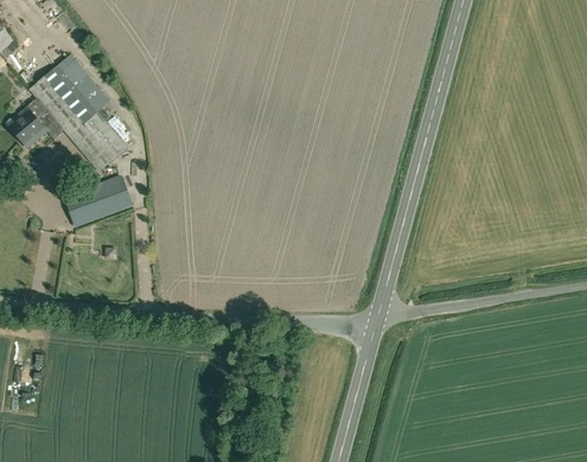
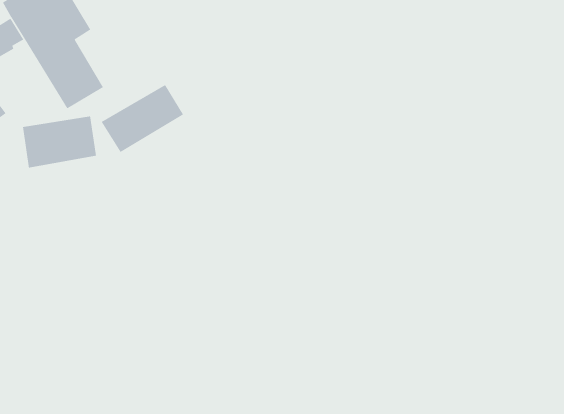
building: none -> [101,84,184,153]

